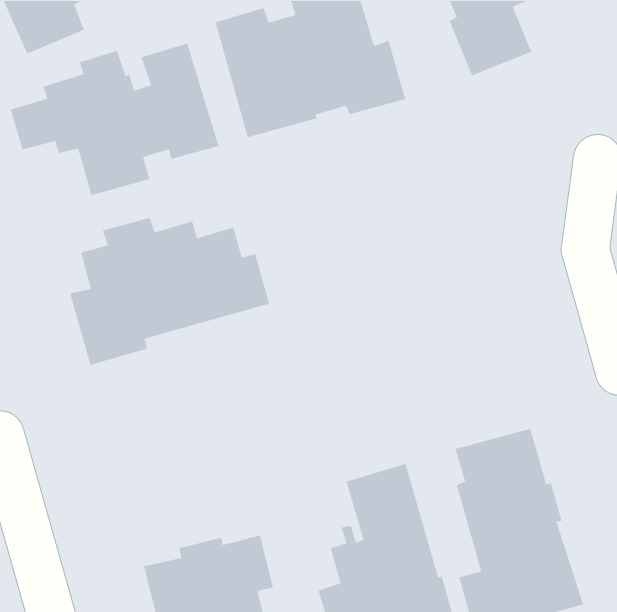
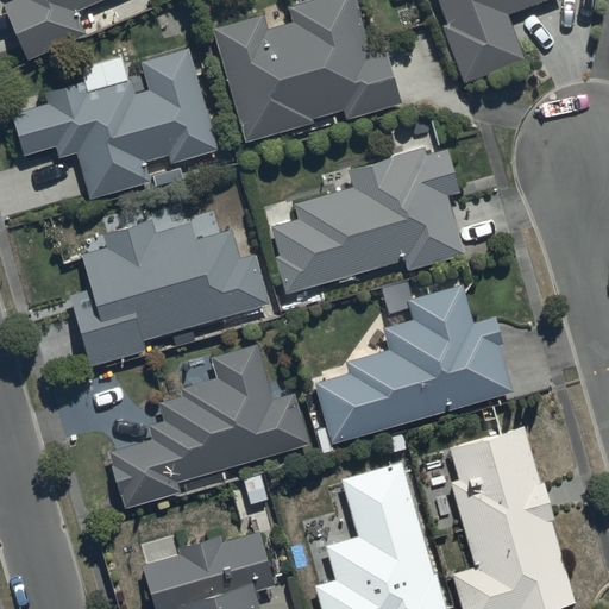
building: none -> [272,149,465,294]
building: none -> [315,283,511,454]
building: none -> [107,344,307,510]

